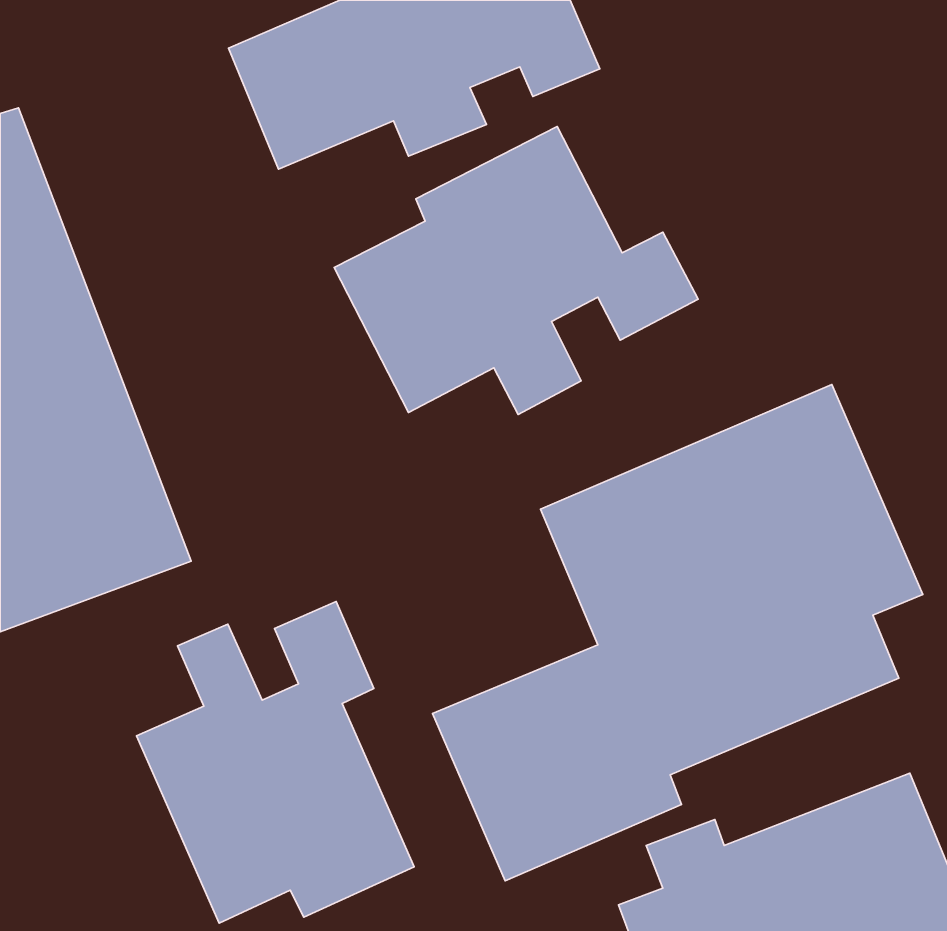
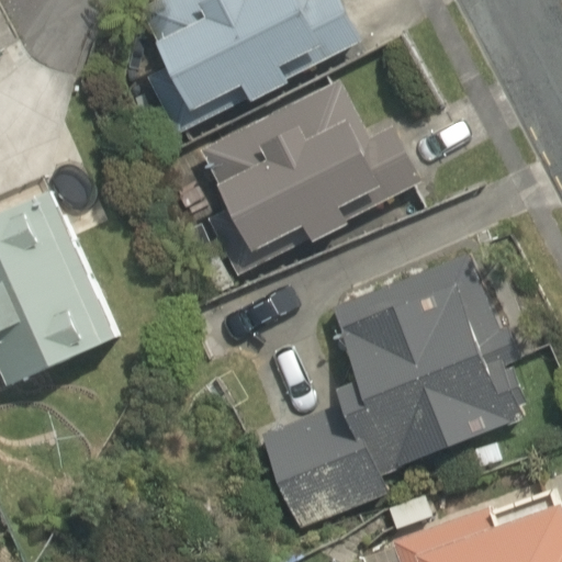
building: [136,601,414,923] -> none

